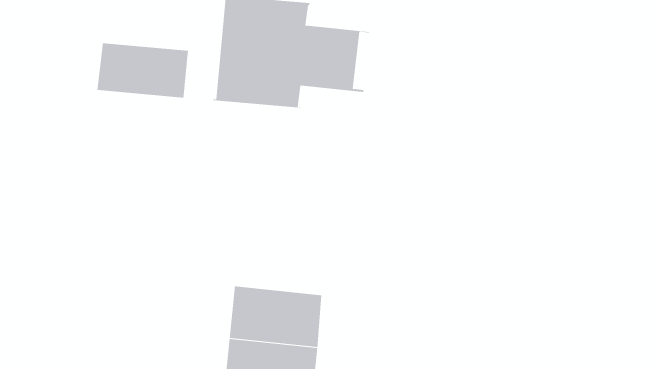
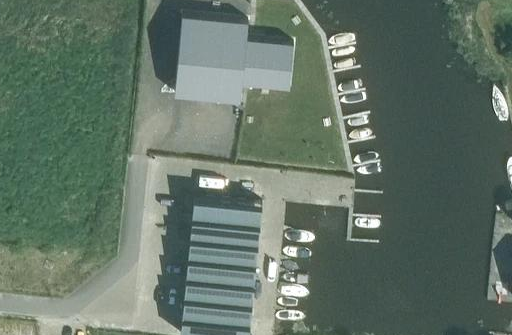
building: [97,42,188,98] -> none
building: none -> [190,200,261,247]

